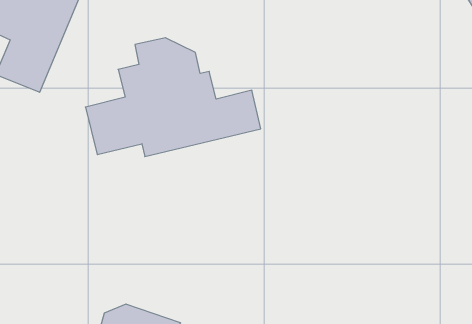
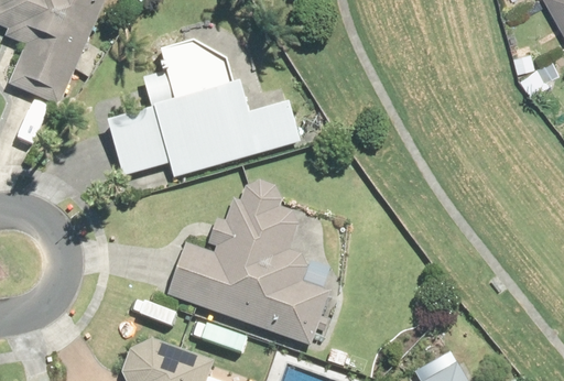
building: none -> [165,182,328,346]

